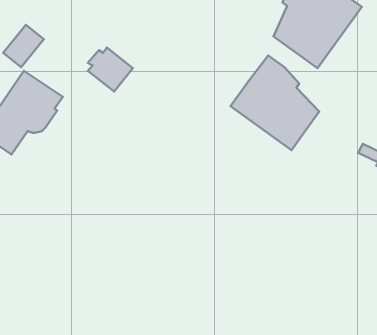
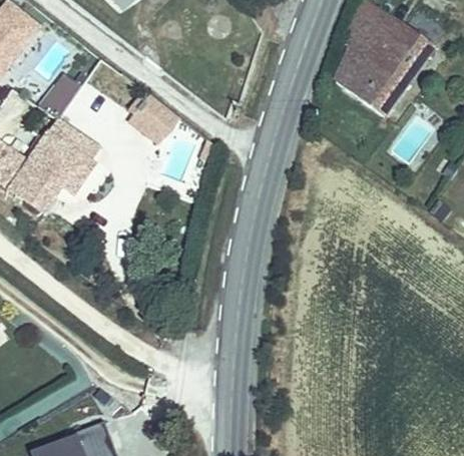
building: [231,56,319,150] -> none

